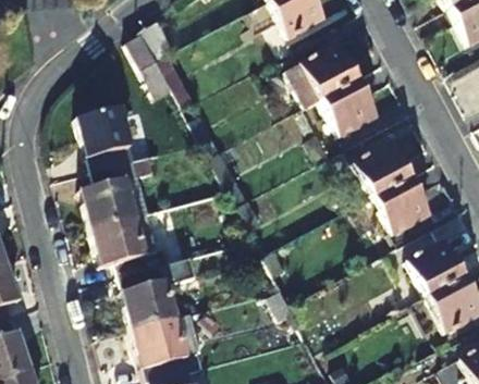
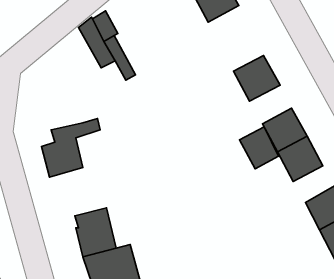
building: [286,42,357,107] -> none
building: [77,108,133,171] -> none
building: none -> [240,127,278,169]
building: [91,214,162,277] -> none

